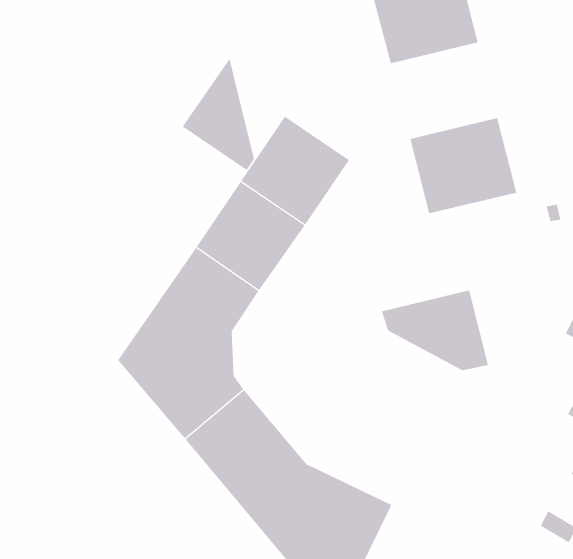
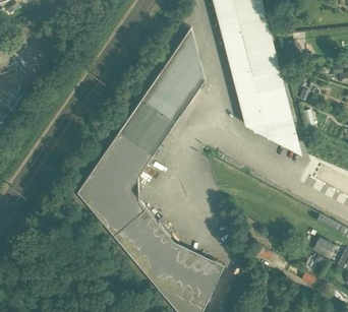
building: none -> [222,23,279,74]
building: [182,57,255,171] -> [166,25,205,85]
building: [381,290,489,371] -> [242,103,299,145]

